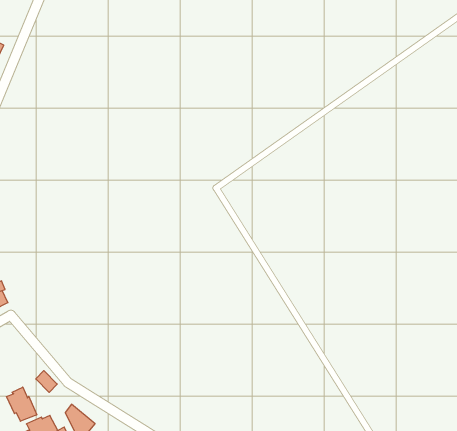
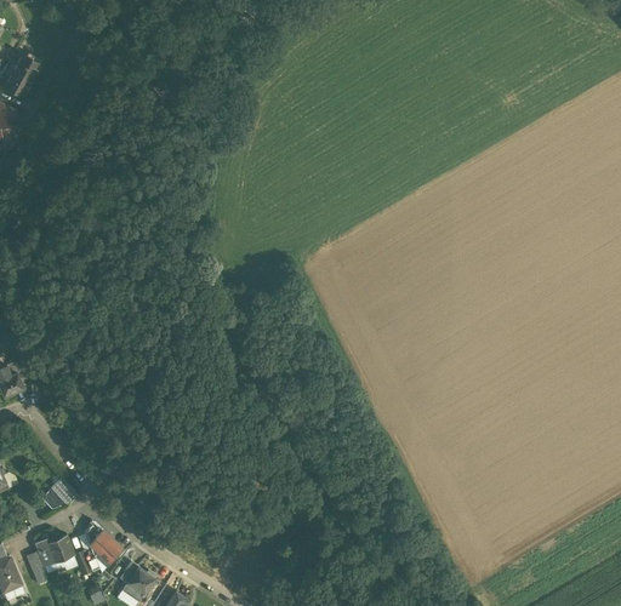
building: [7,387,37,421] -> none

